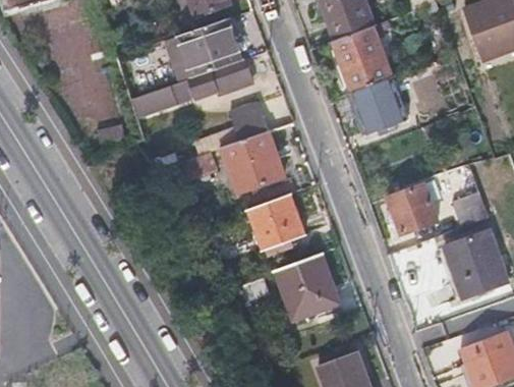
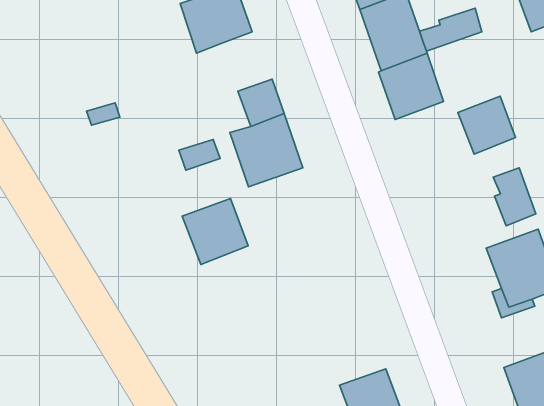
building: none -> [419,8,482,51]
building: [130,62,249,118] -> none
building: [385,184,435,234] -> [458,96,516,154]
building: [248,194,305,251] -> [182,198,248,265]
building: [274,254,340,321] -> none

